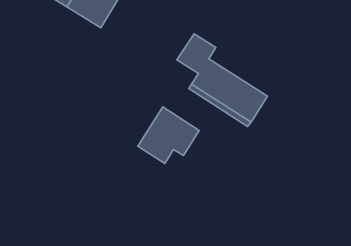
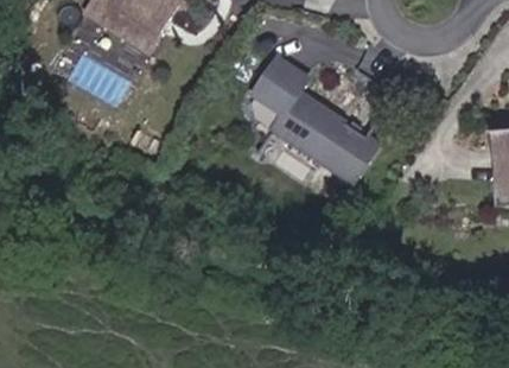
building: [138,107,199,163] -> none

